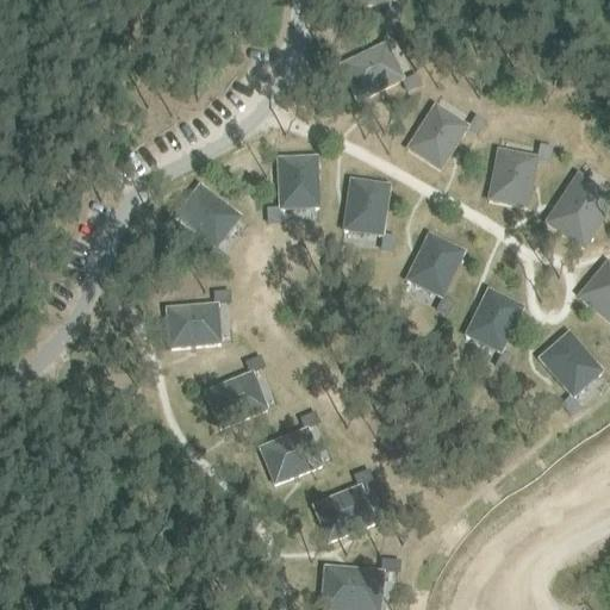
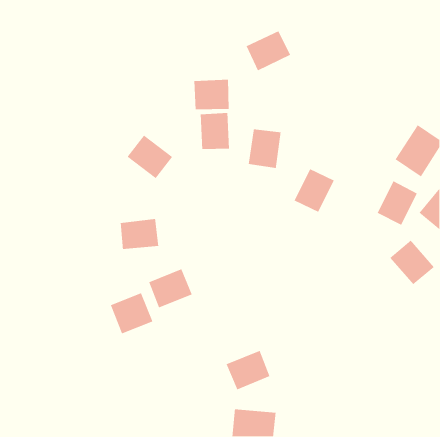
building: [407,104,468,168] -> none
building: none -> [193,79,230,110]
building: [488,148,536,205] -> none
building: [466,287,523,350] -> [377,180,418,226]
building: none -> [110,292,153,334]
building: [260,427,322,483] -> none

